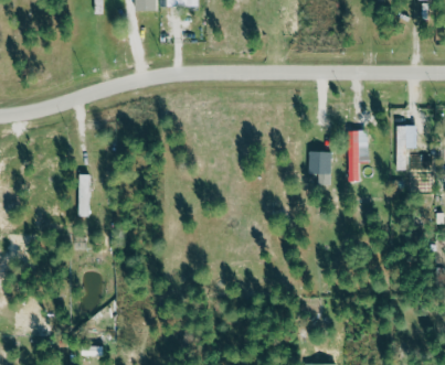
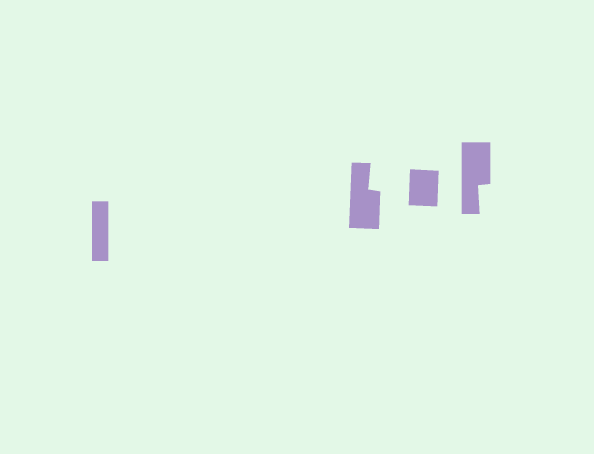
building: [394,125,416,171] -> none
building: none -> [348,162,381,230]

